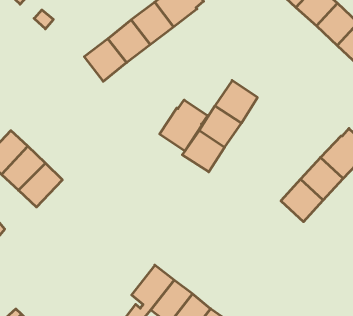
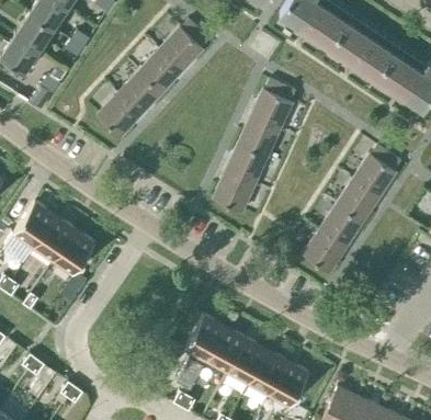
building: none -> [251,80,296,129]
building: [160,100,208,151] -> none
building: none -> [303,230,347,273]

